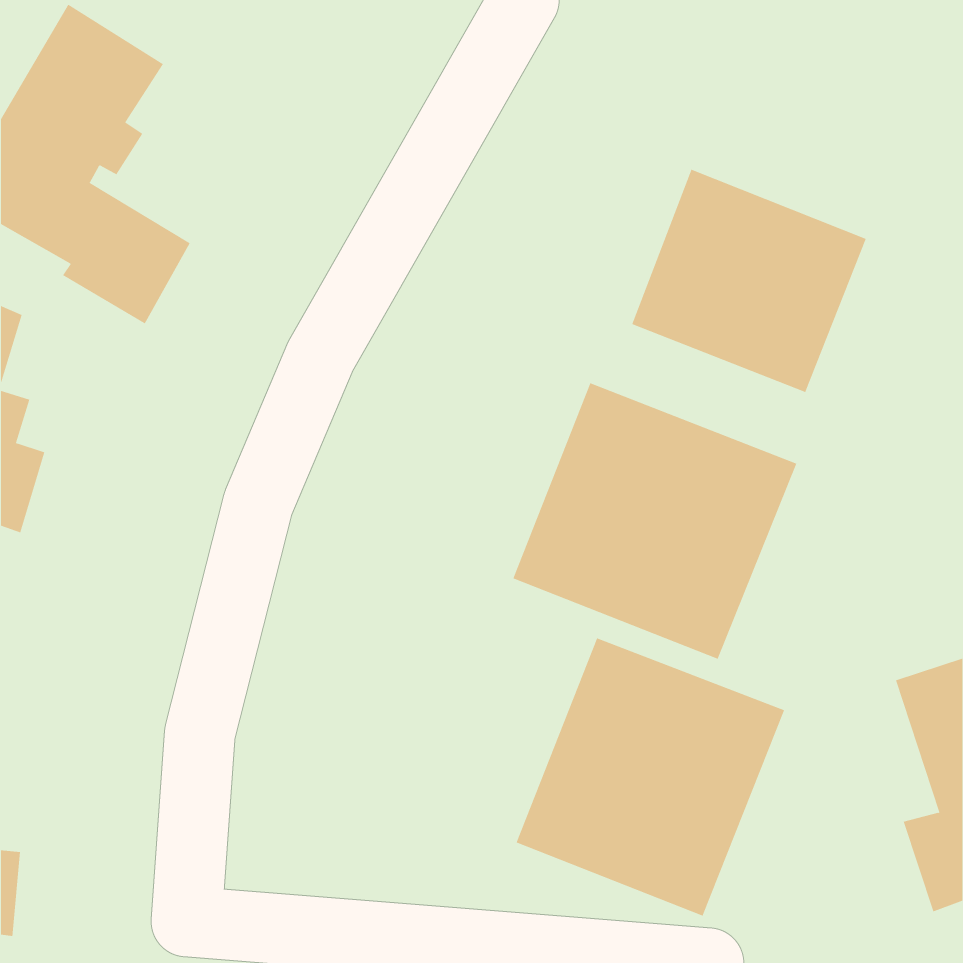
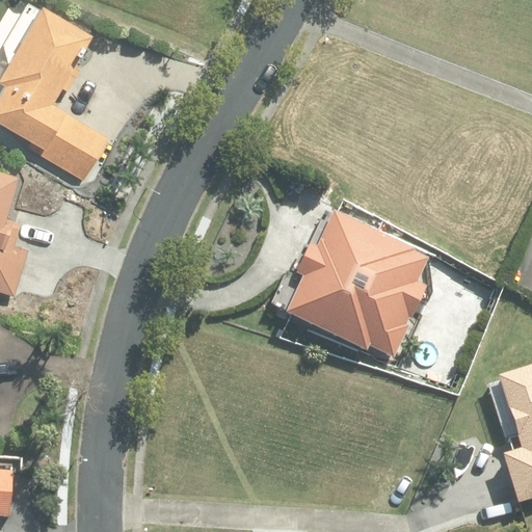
building: [631,169,866,393] -> none
building: [516,637,785,917] -> none

